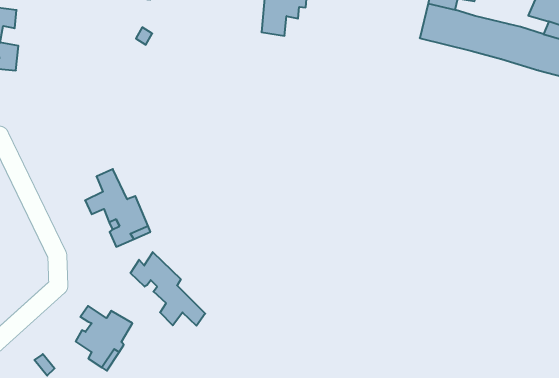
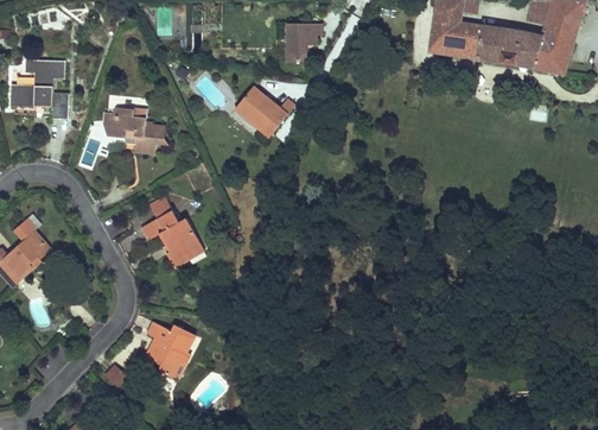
building: none -> [235,84,295,135]
building: none -> [106,108,165,151]
building: [131,252,205,326] -> none

